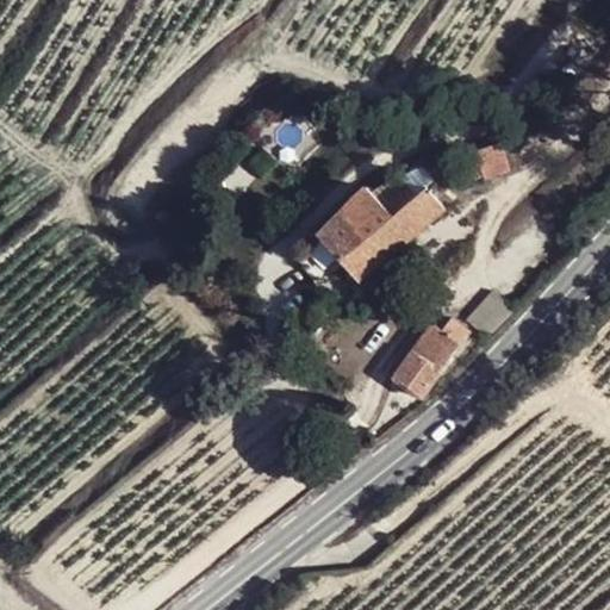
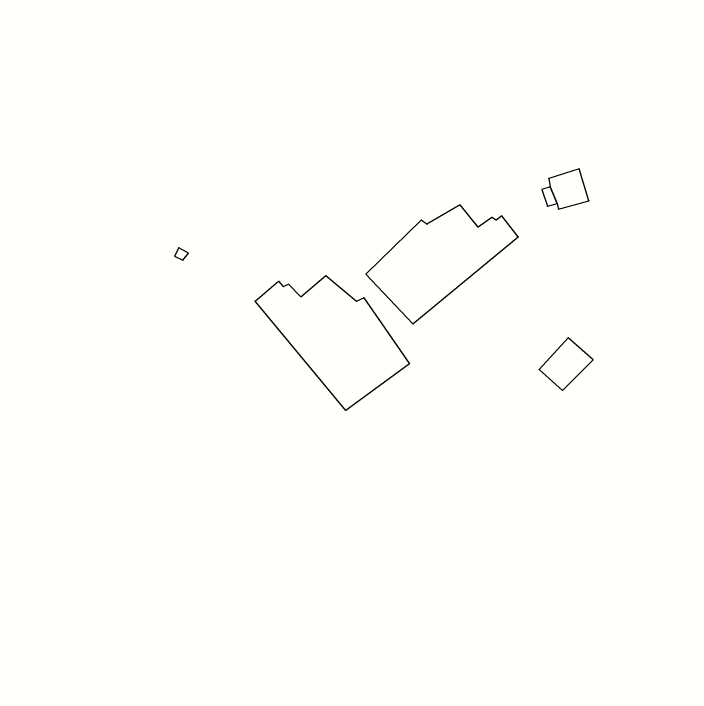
building: none -> [255,276,409,410]
building: [390,317,467,399] -> none

